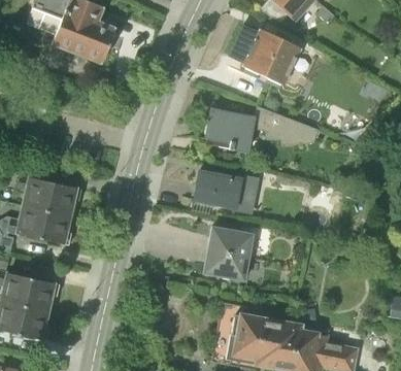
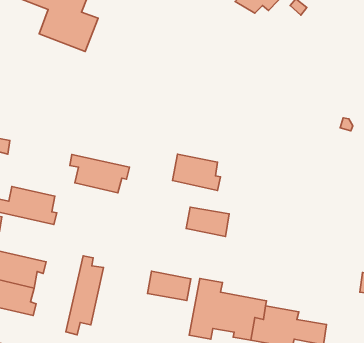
building: [230,27,302,86] -> none
building: [206,106,320,153] -> none
building: [20,175,82,215] -> [70,155,130,193]
building: [204,249,249,280] -> [148,271,191,300]
building: none -> [66,256,104,335]

